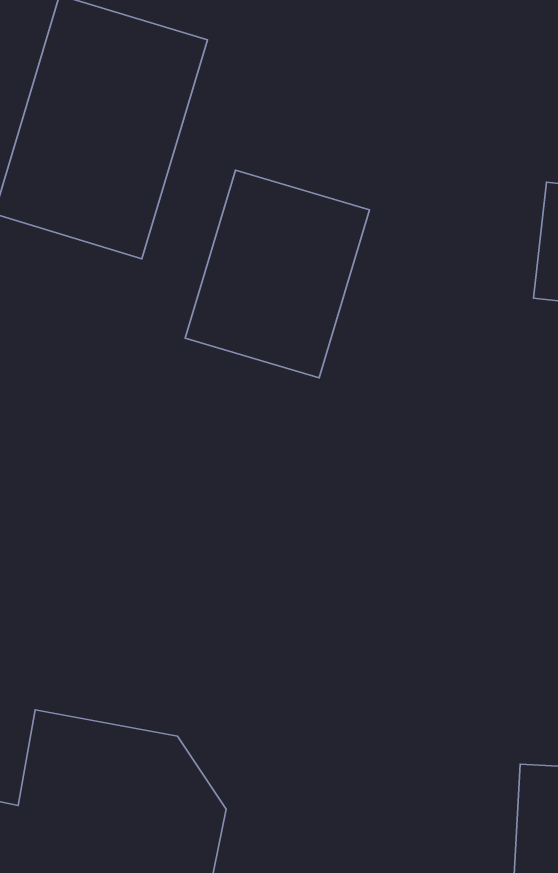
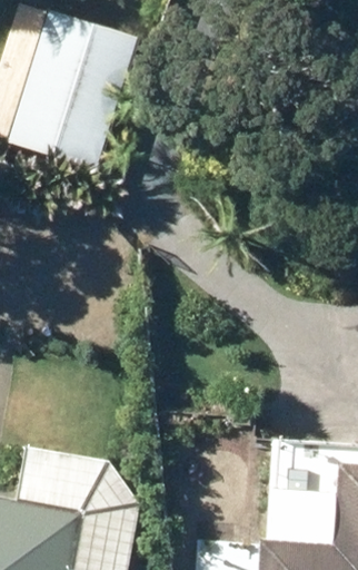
building: [185,170,369,378] -> none

